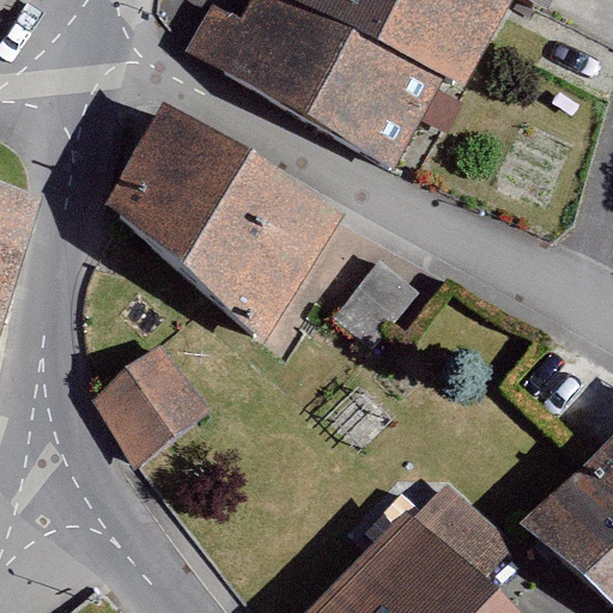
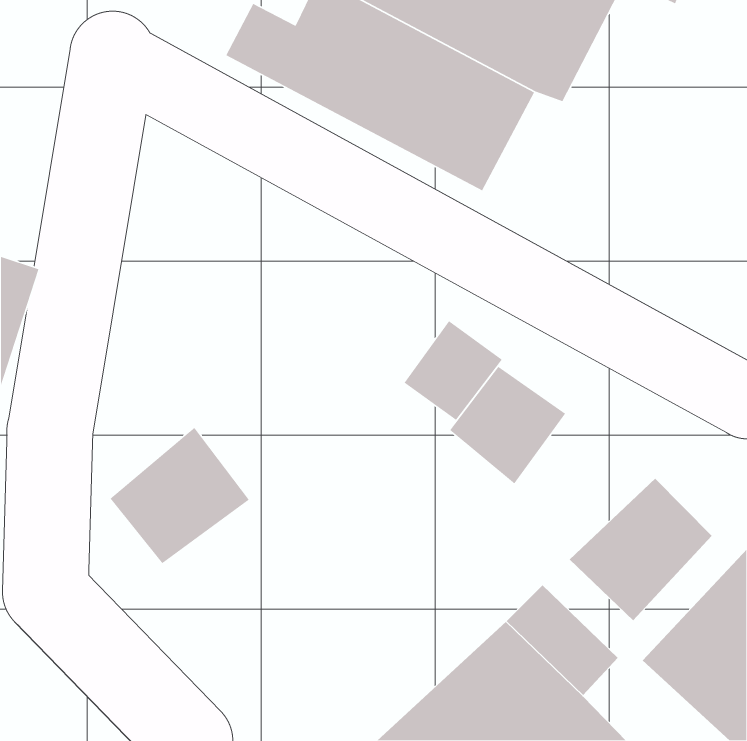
building: [110,115,346,350] -> none
building: none -> [449,366,566,484]
building: none -> [569,478,713,621]

